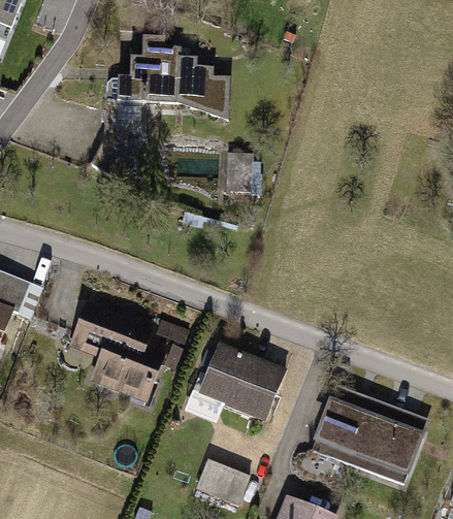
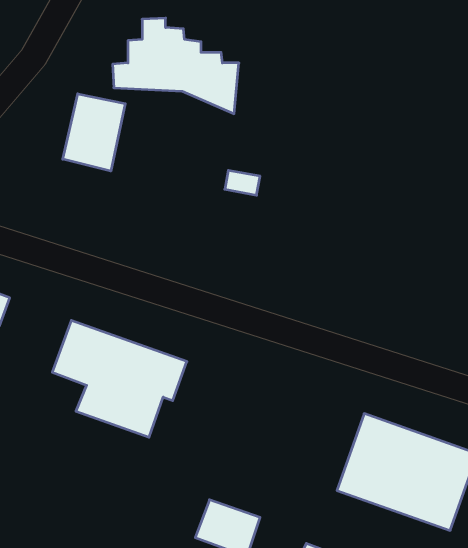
building: none -> [63,94,125,171]
building: [198,339,292,422] -> none

